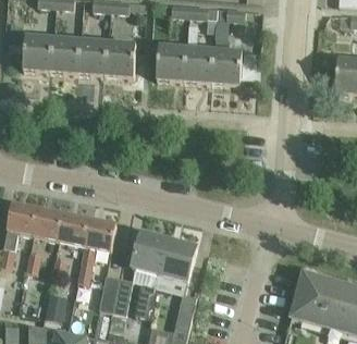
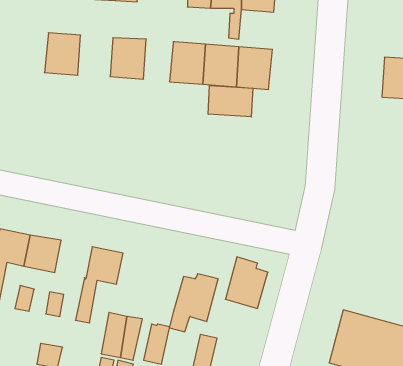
building: [23,36,53,72] -> none
building: [78,40,108,75] -> none
building: none -> [208,85,253,117]
building: [59,213,90,246] -> none
building: [132,231,168,274] -> [225,257,268,308]

